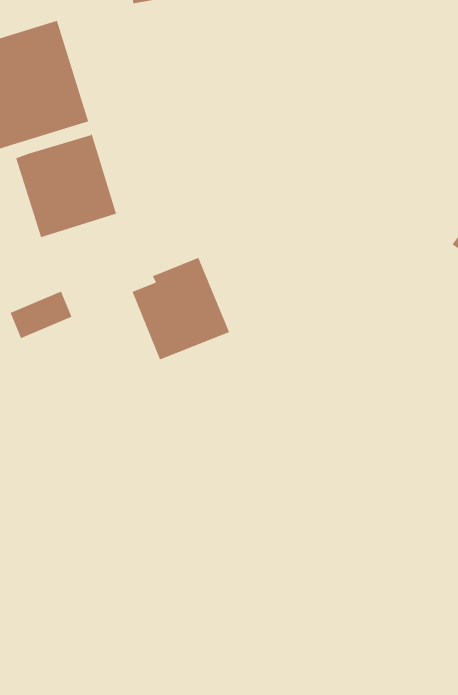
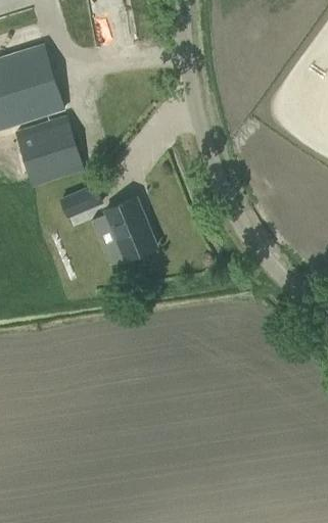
building: [10,291,72,339] -> [61,186,102,218]

